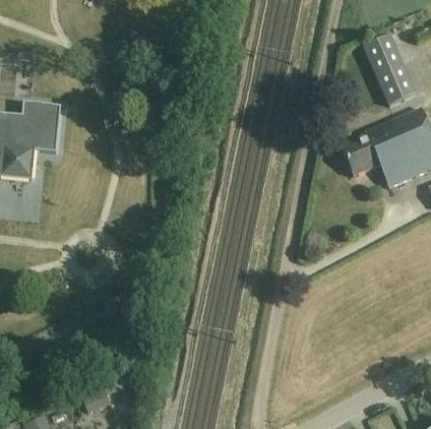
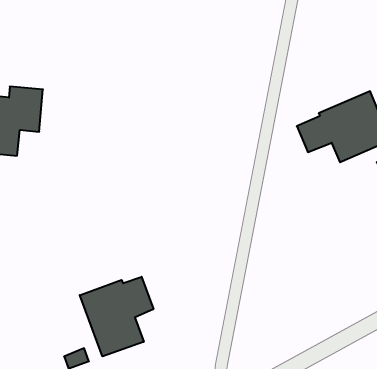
building: [364,35,415,105] -> none
building: none -> [80,277,153,356]

